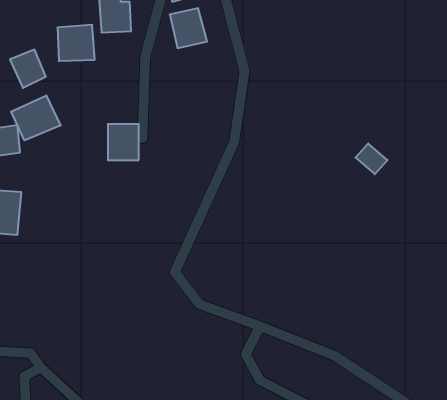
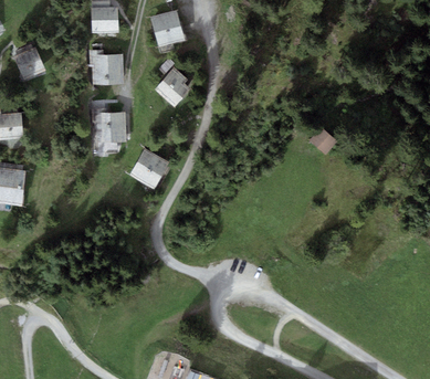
building: [57,25,95,61] -> [94,52,126,83]
building: none -> [155,67,190,106]
building: [11,95,61,140] -> none
building: none -> [129,148,168,187]

